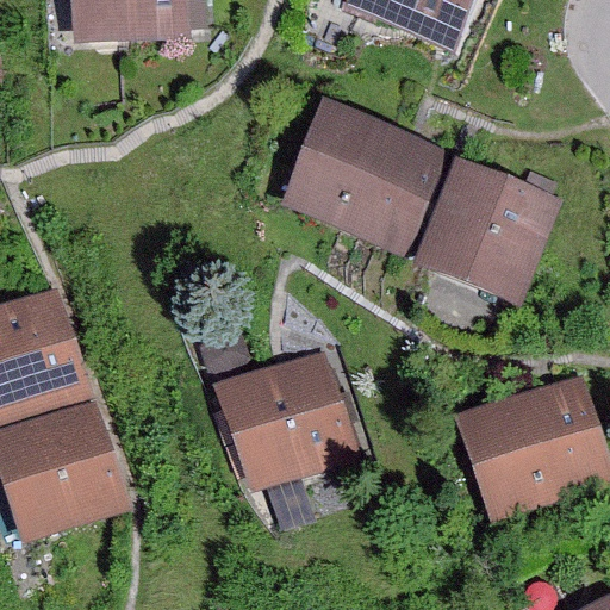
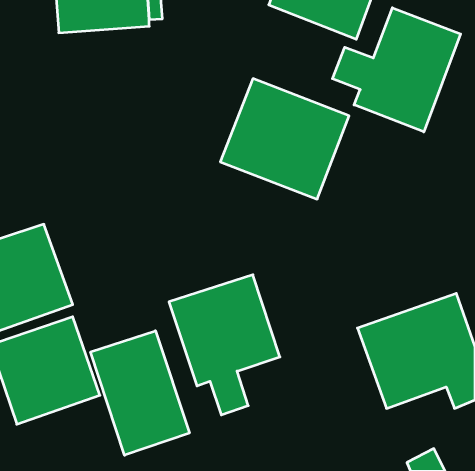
building: none -> [332,8,461,132]
building: [415,160,560,304] -> none
building: none -> [91,331,189,455]

